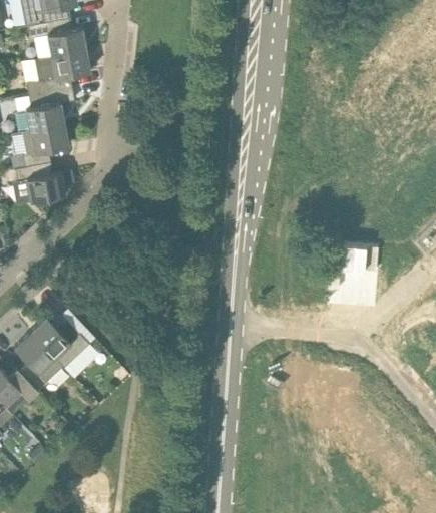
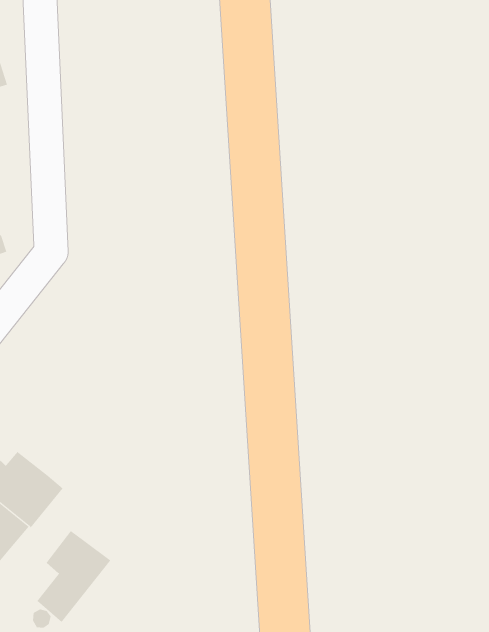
building: none -> [36,530,111,623]

